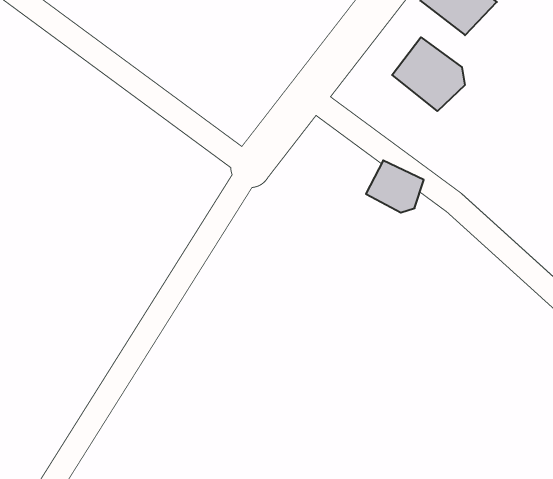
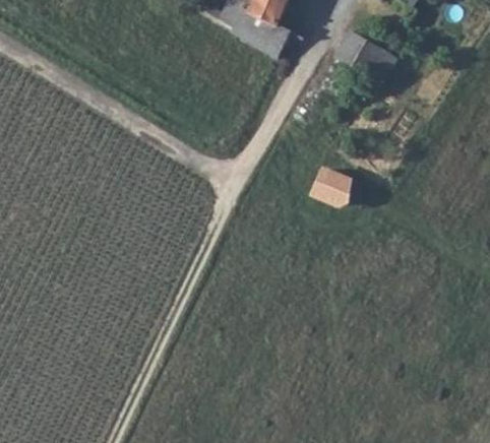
building: [392,37,465,111] -> none

